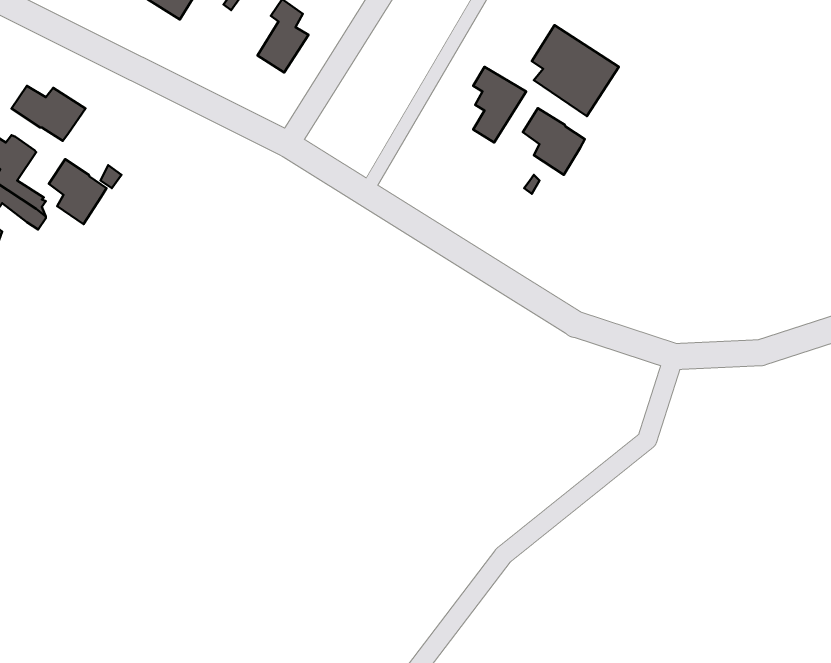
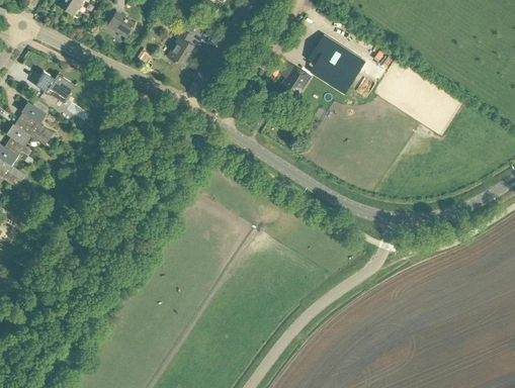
building: [523,108,585,175] -> none
building: [49,159,106,224] -> none

